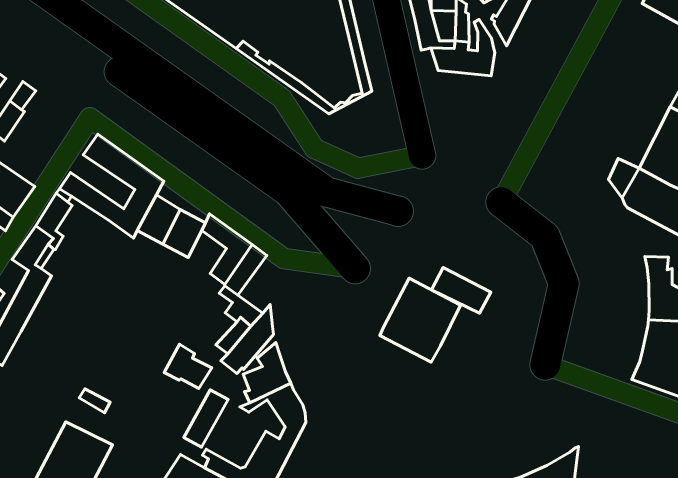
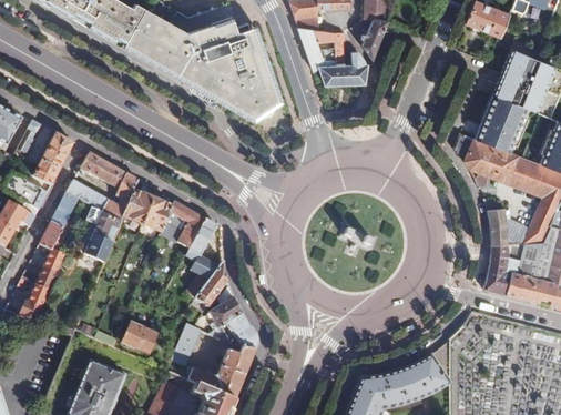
building: none -> [33,132,74,184]
building: none -> [85,211,122,262]
building: [380,278,461,362] -> none
building: [164,344,212,388] -> [122,323,155,353]

